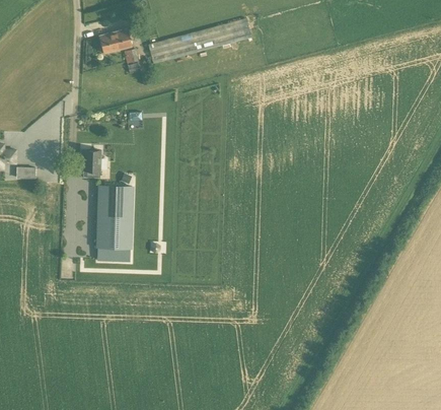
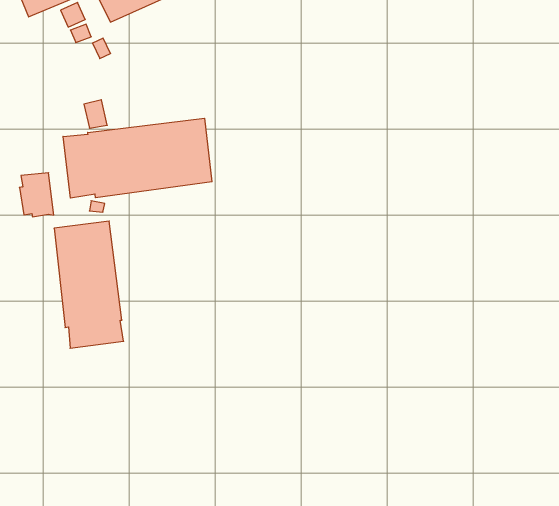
building: none -> [63,118,212,198]

